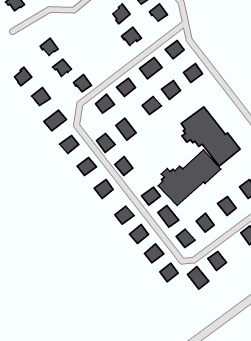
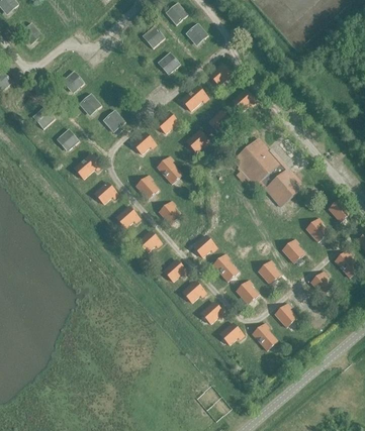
building: [158,150,221,206] -> none

